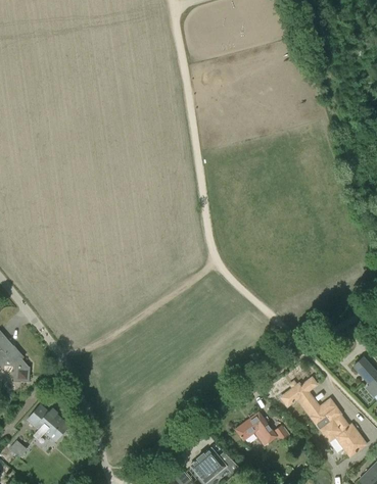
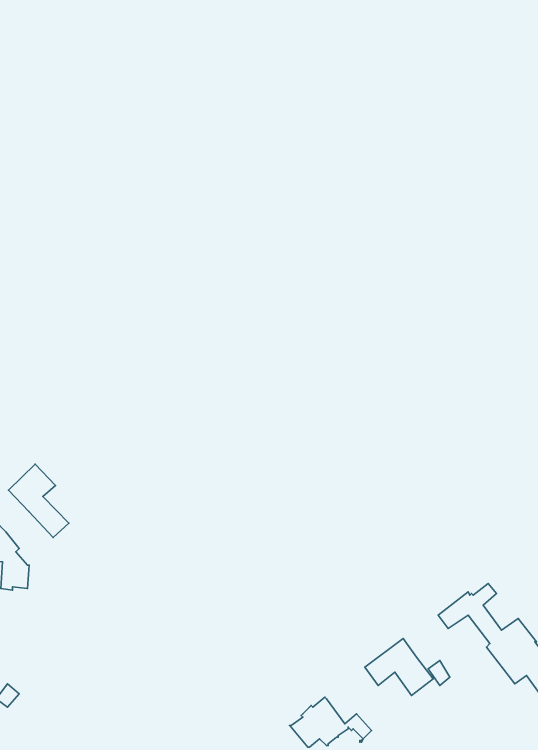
building: none -> [8,464,69,537]
building: [27,404,69,441] -> none

